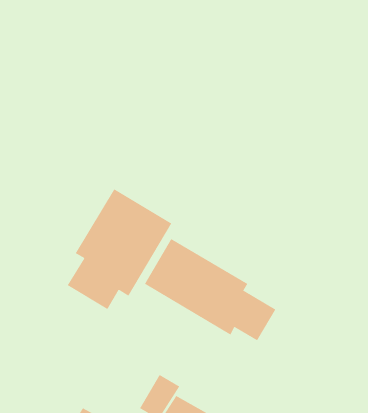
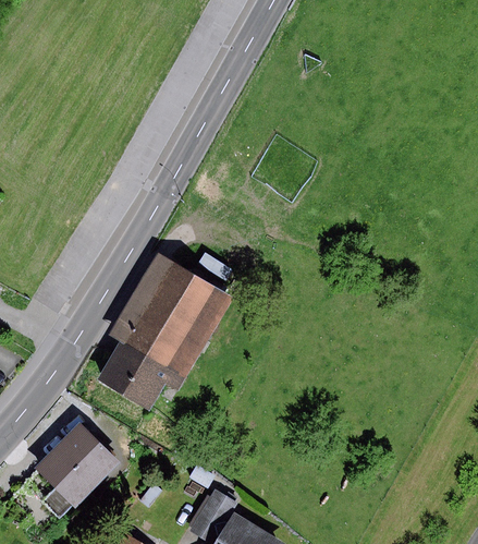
building: [144,238,276,341] -> none
building: none -> [37,425,118,519]

